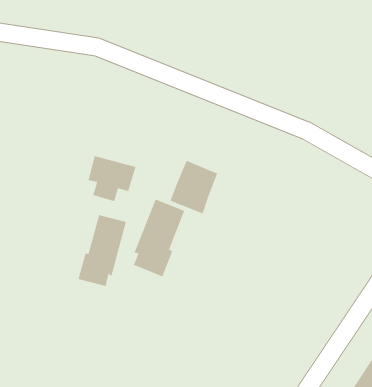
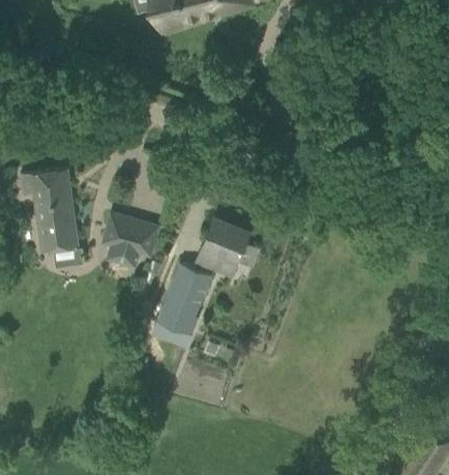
building: none -> [21,169,78,251]
building: [78,214,127,287] -> none

